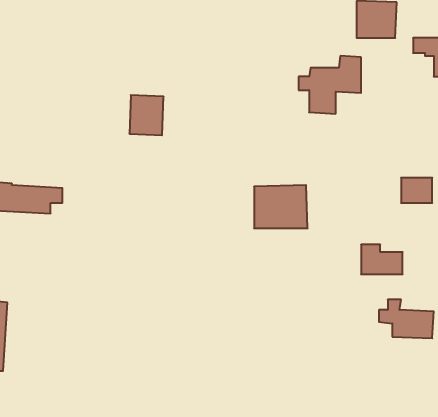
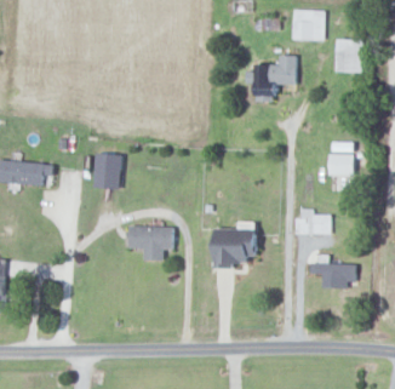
building: [129,95,164,135] -> [93,155,121,188]
building: [254,185,308,228] -> [213,228,257,263]
building: none -> [127,225,172,261]

